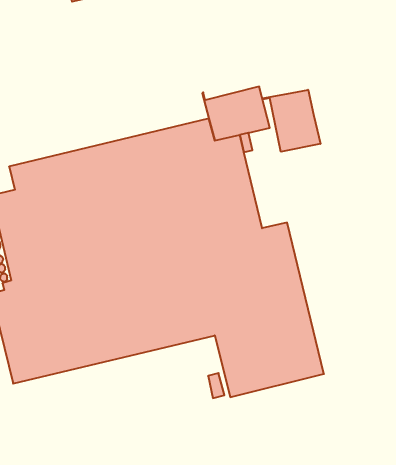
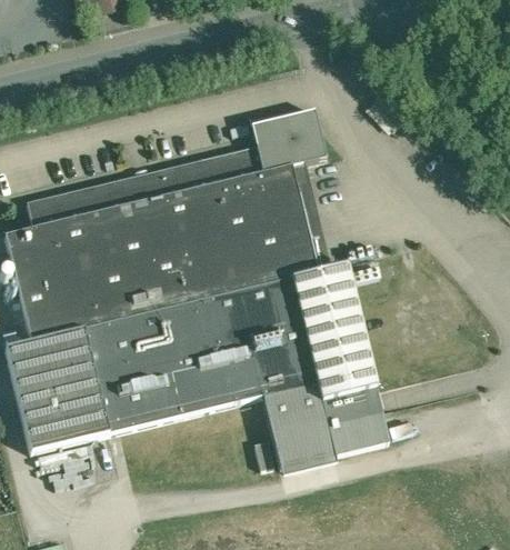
building: [263,90,320,152] -> none

